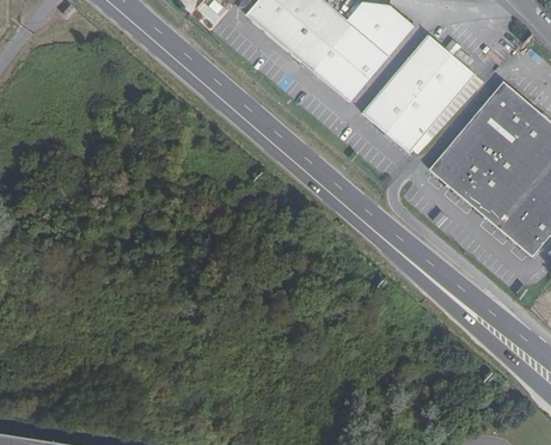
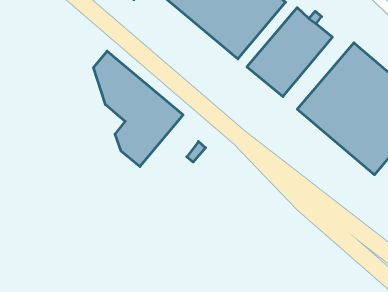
building: none -> [93,51,183,167]

